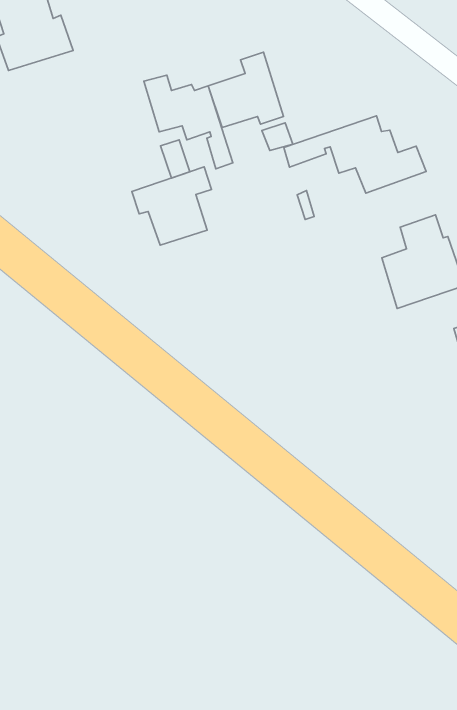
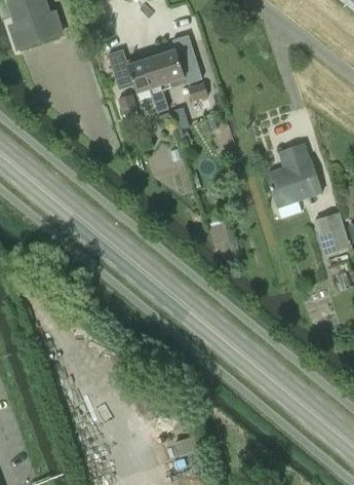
building: [284,116,426,193] -> none
building: [132,167,211,245] -> none

